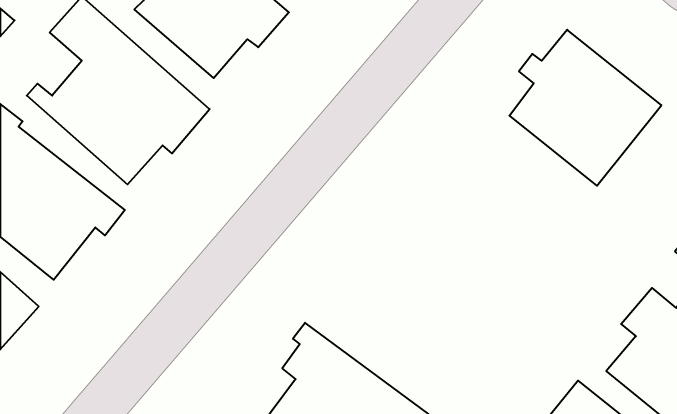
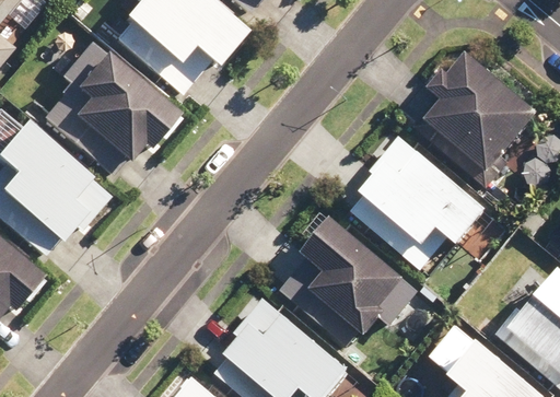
building: none -> [346,129,491,271]
building: none -> [282,211,409,345]

